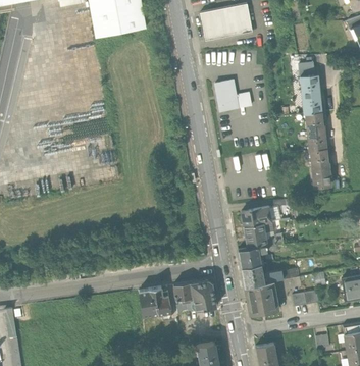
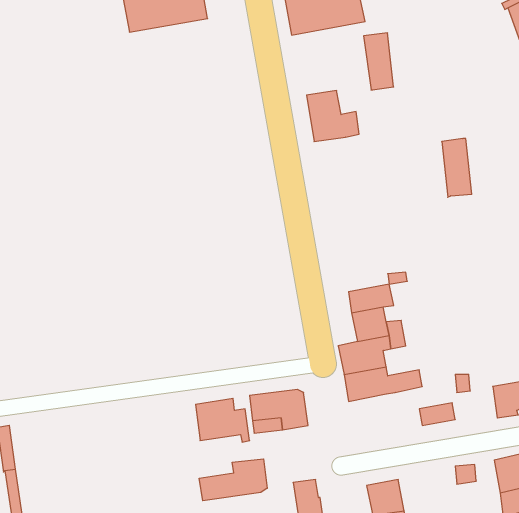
building: [300,74,320,113] -> [364,33,394,90]
building: [312,149,332,188] -> none
building: [243,283,279,317] -> none
building: none -> [199,459,267,501]

